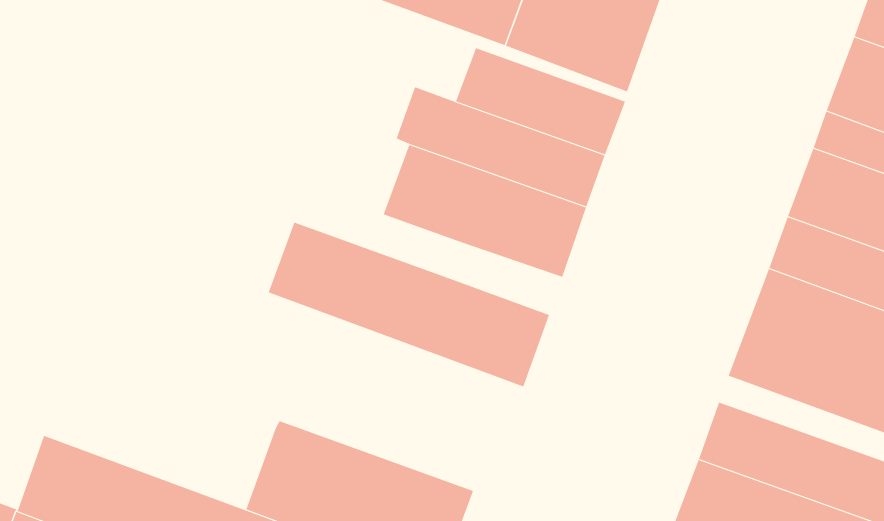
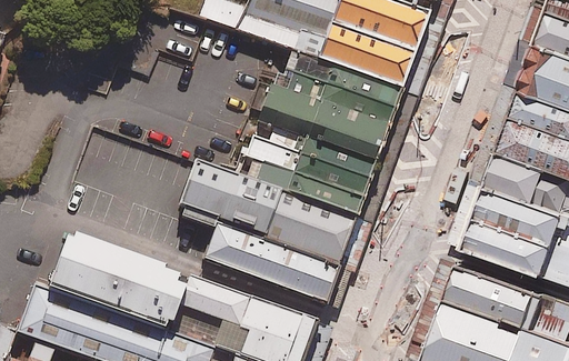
building: none -> [293,170,362,213]
building: none -> [209,214,339,298]
building: none -> [51,237,190,330]

